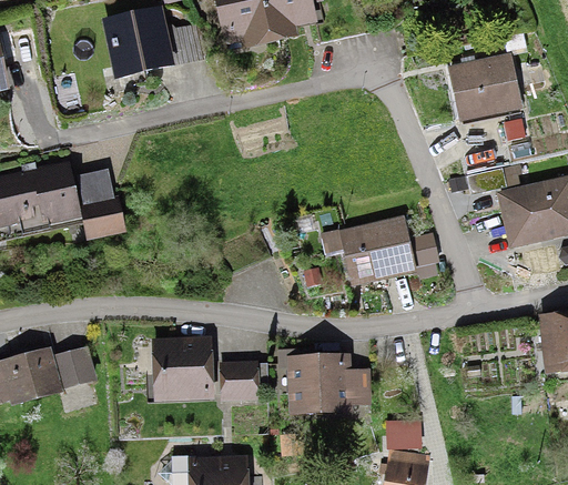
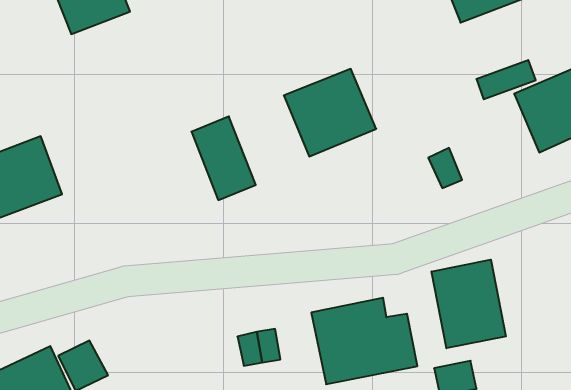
building: [79,166,128,239] -> [191,116,256,200]
building: [342,215,418,286] -> [284,69,376,157]
building: none -> [432,260,506,348]
building: [149,337,204,391] -> none

